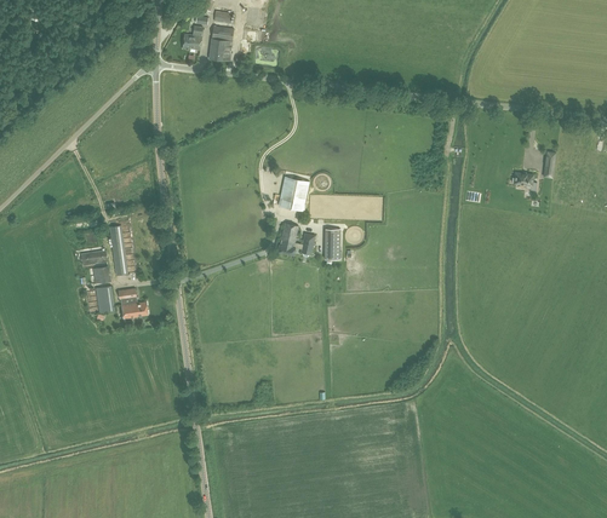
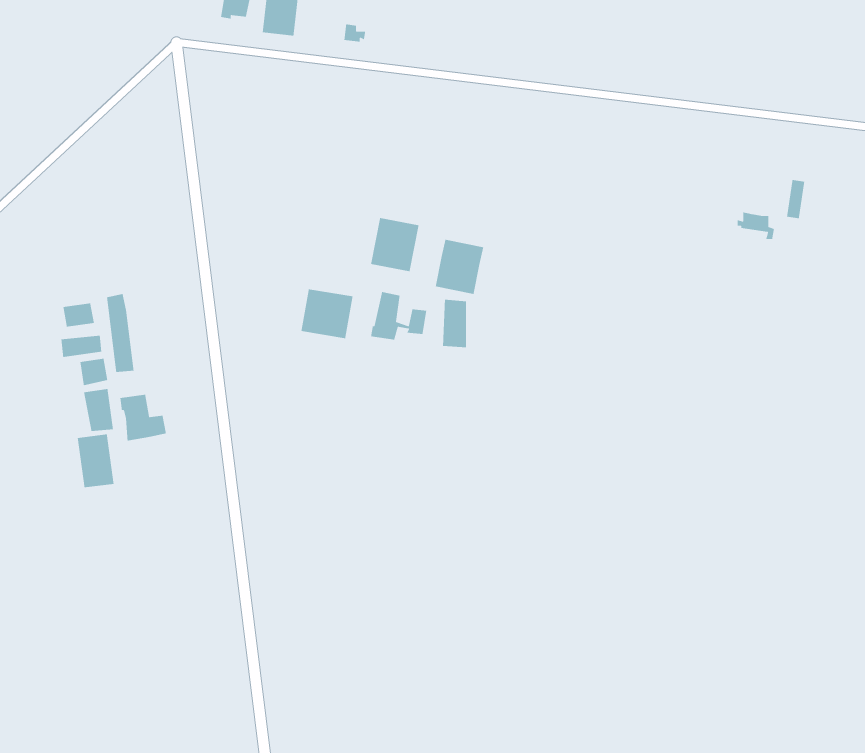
building: none -> [435,239,484,295]
building: none -> [300,288,353,339]
building: none -> [77,434,115,488]

